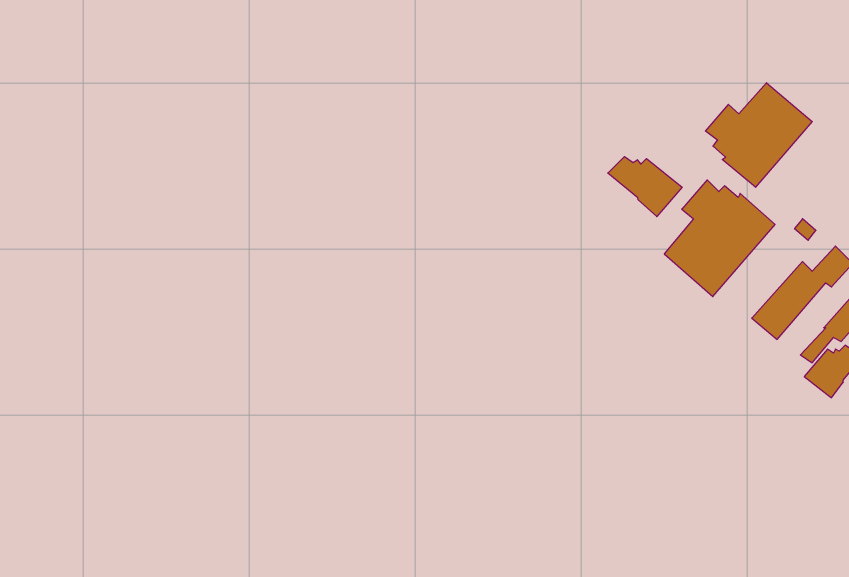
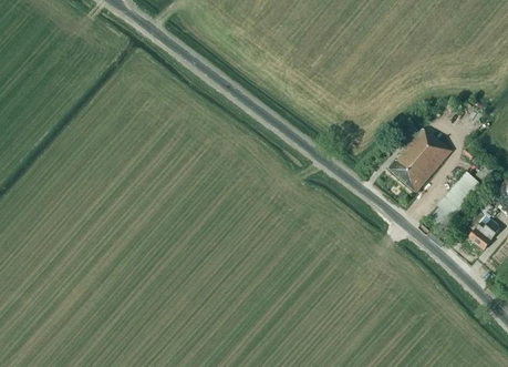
building: [705,83,812,187] -> none
building: [608,157,682,217] -> none

